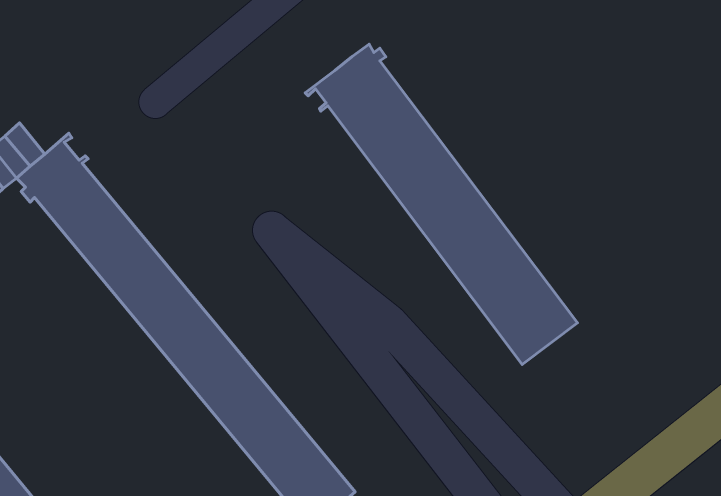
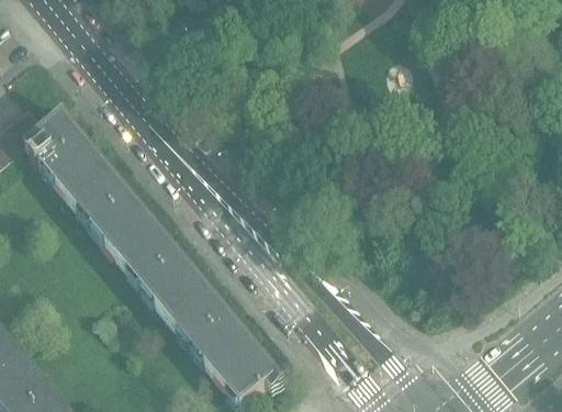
building: [305,44,577,365] -> none

